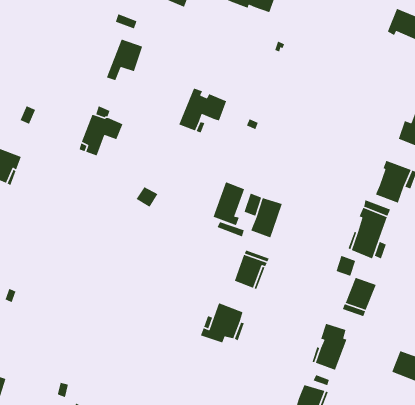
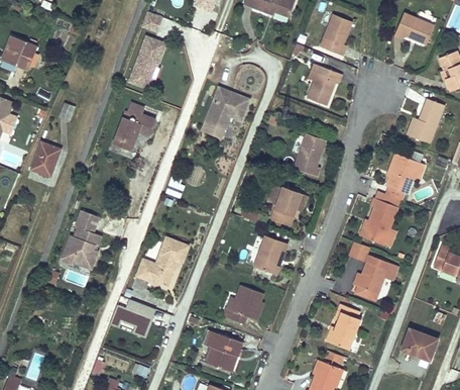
building: none -> [321,16,352,56]
building: none -> [308,67,343,106]
building: [212,181,245,226] -> [294,134,324,176]
building: none -> [59,211,98,270]
building: none -> [134,237,187,286]
building: none -> [111,298,153,333]
building: none -> [209,333,245,372]

